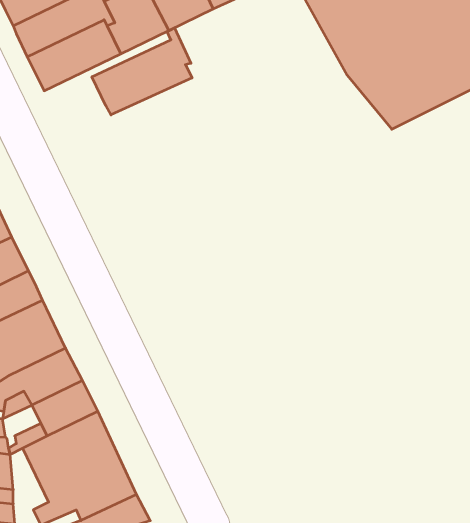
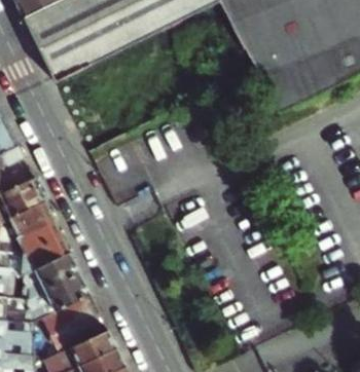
building: [92,28,192,115] -> none

